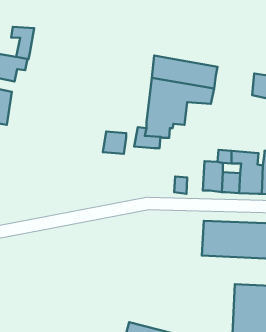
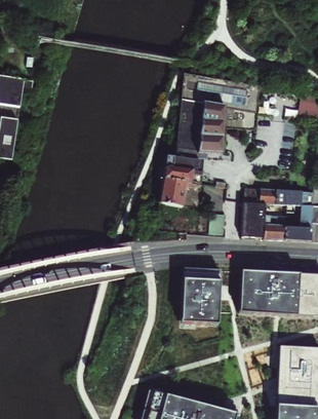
building: [11,27,34,59] -> none
building: [103,131,126,154] -> [157,182,185,208]
building: none -> [183,267,222,323]

